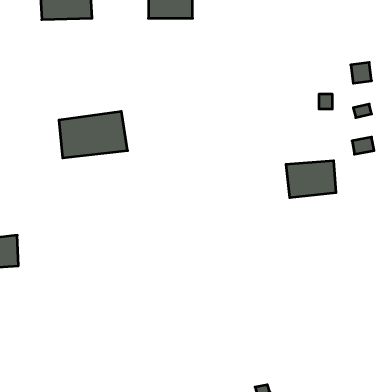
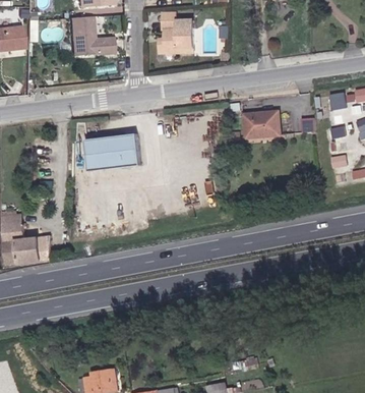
building: [286,161,336,198] -> [243,109,285,139]

